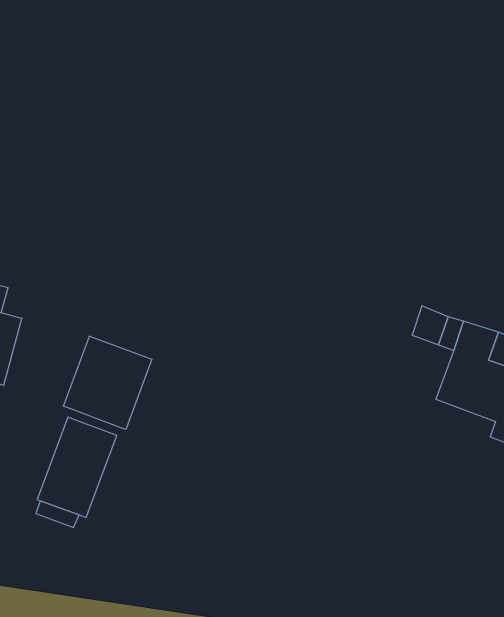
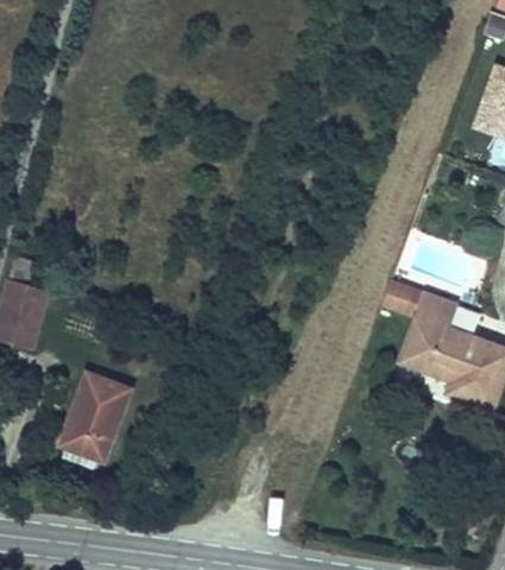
building: [63,336,152,429] -> none

